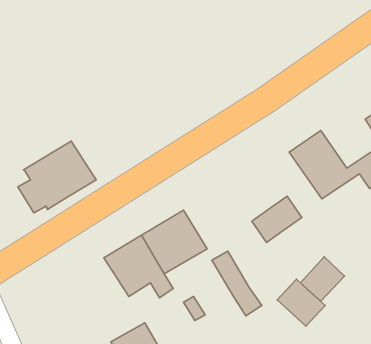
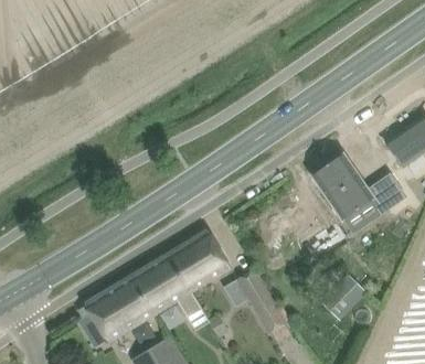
building: [18,141,96,213] -> [78,277,155,346]
building: [252,196,302,243] -> none
building: [277,279,325,326] -> none

